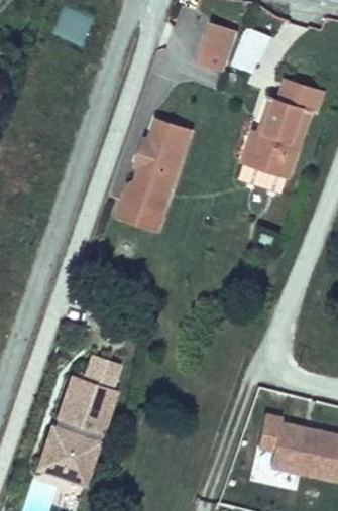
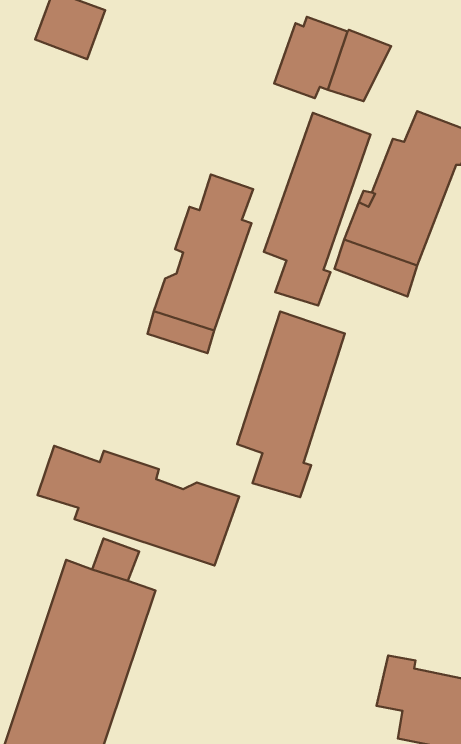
building: none -> [264,113,371,305]
building: none -> [237,312,345,497]
building: none -> [38,446,239,565]

